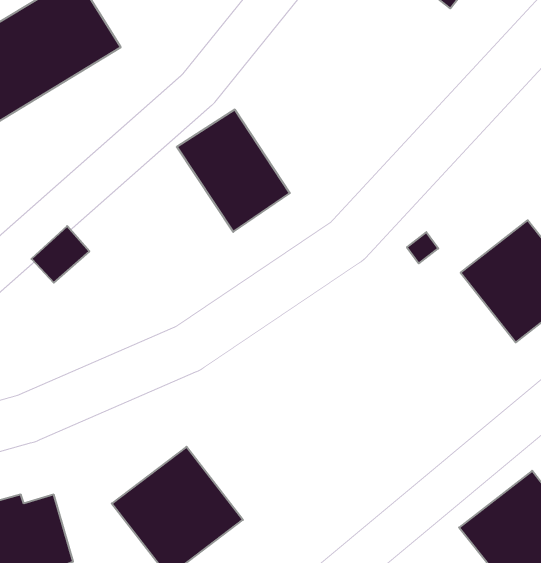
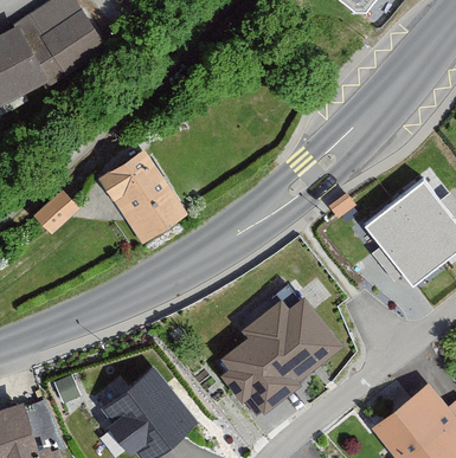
building: [177,110,290,232] -> [96,149,186,246]
building: none -> [219,297,346,415]

